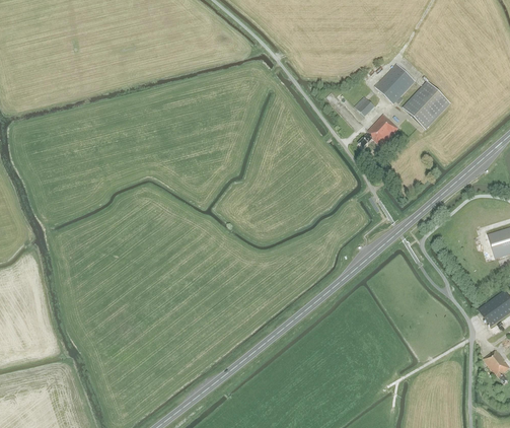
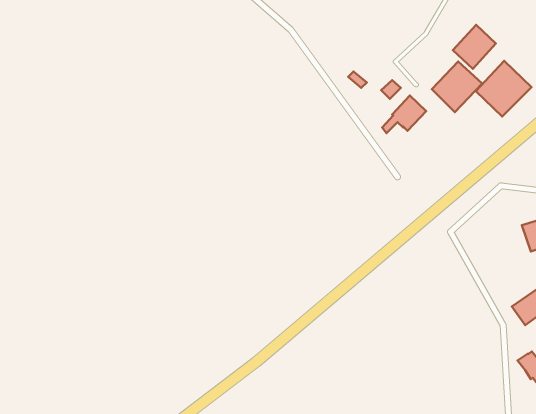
building: [375,63,415,103] -> [453,25,496,69]
building: none -> [476,61,532,116]

